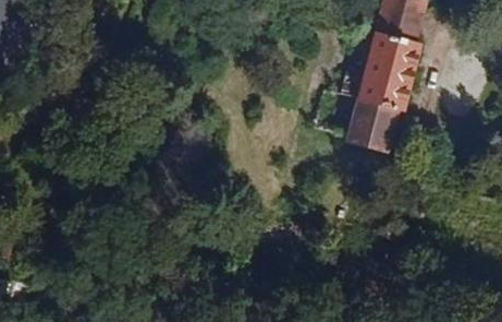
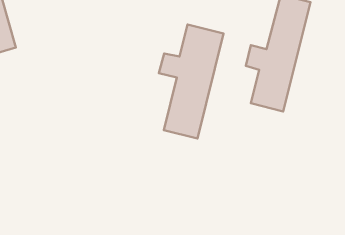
building: none -> [159,25,224,139]

